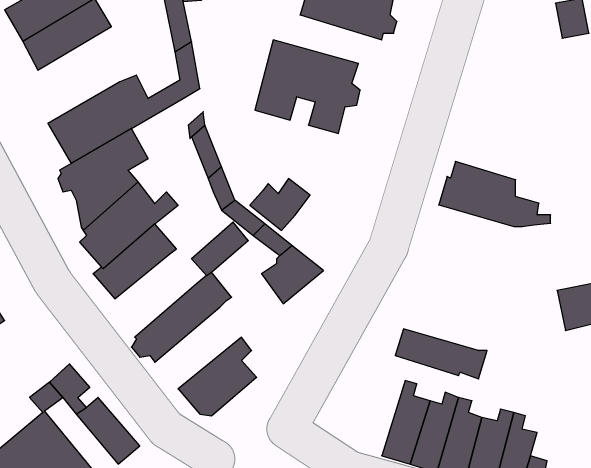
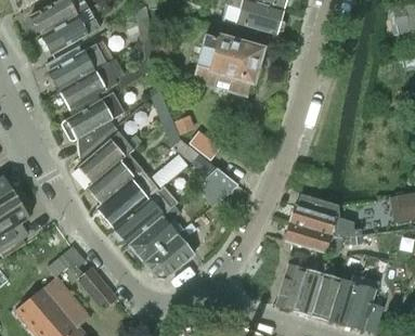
building: none -> [49,43,105,89]
building: [439,161,551,227] -> [289,194,362,236]
building: none -> [96,173,155,228]
building: none -> [128,204,184,261]

